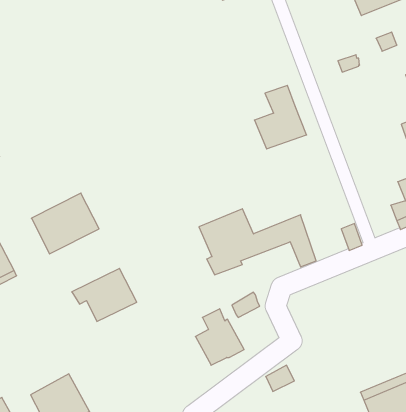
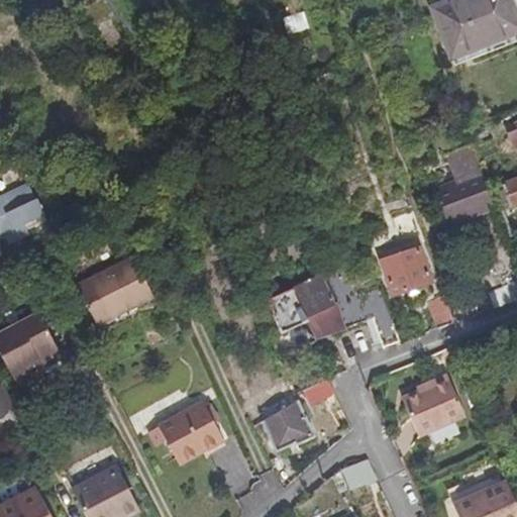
building: [254,85,307,149] -> [437,145,498,219]
building: none -> [386,249,434,297]
building: [72,268,137,321] -> [144,404,220,466]
building: none -> [405,368,469,430]

